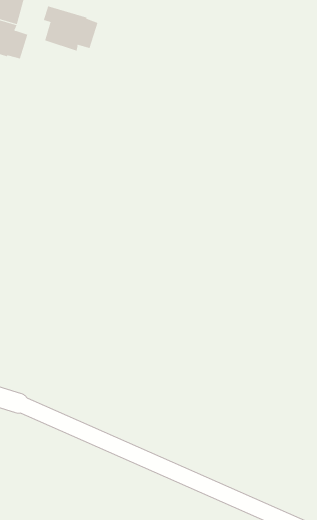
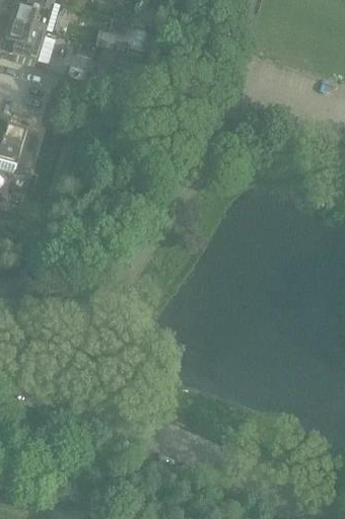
building: [43,5,98,51] -> none

